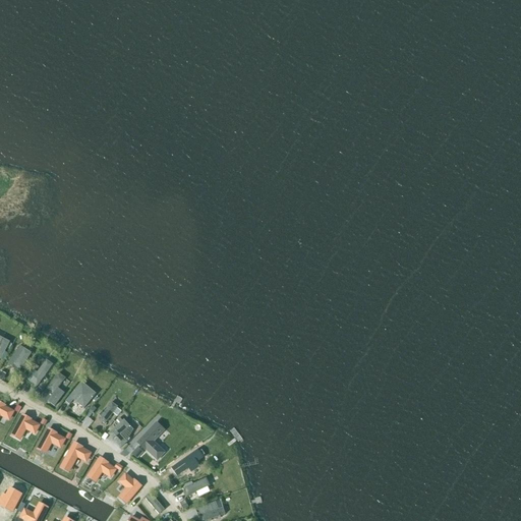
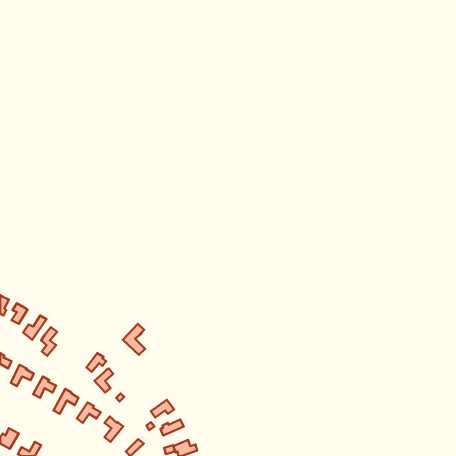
building: [69,381,96,408] -> none
building: [138,423,164,459] -> [123,324,145,355]

